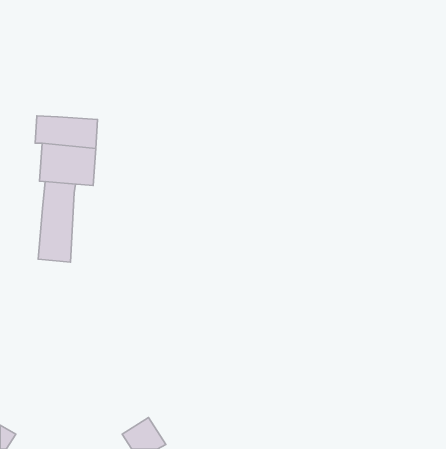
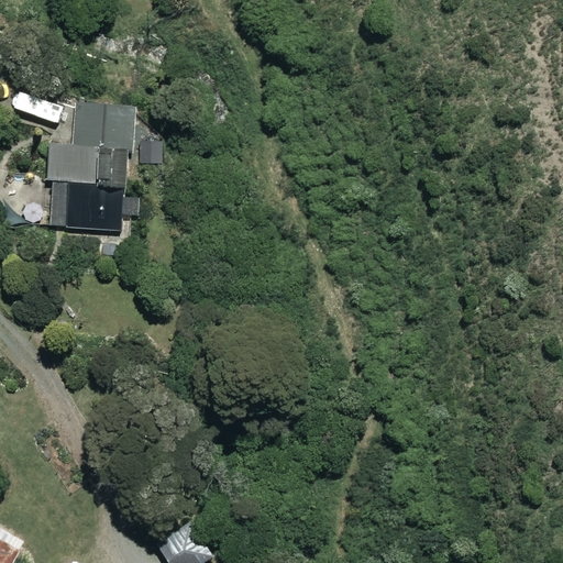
building: none -> [76,100,129,150]
building: [38,181,75,262] -> none

